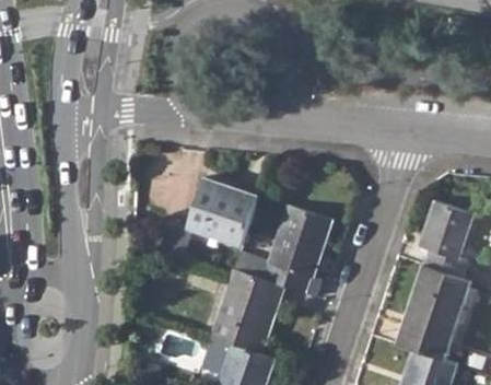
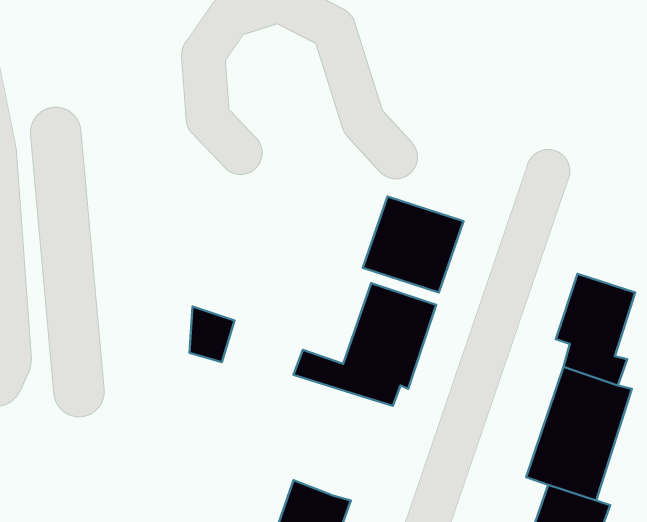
building: [186,179,257,247] -> [363,196,464,293]
building: [209,272,284,358] -> none

